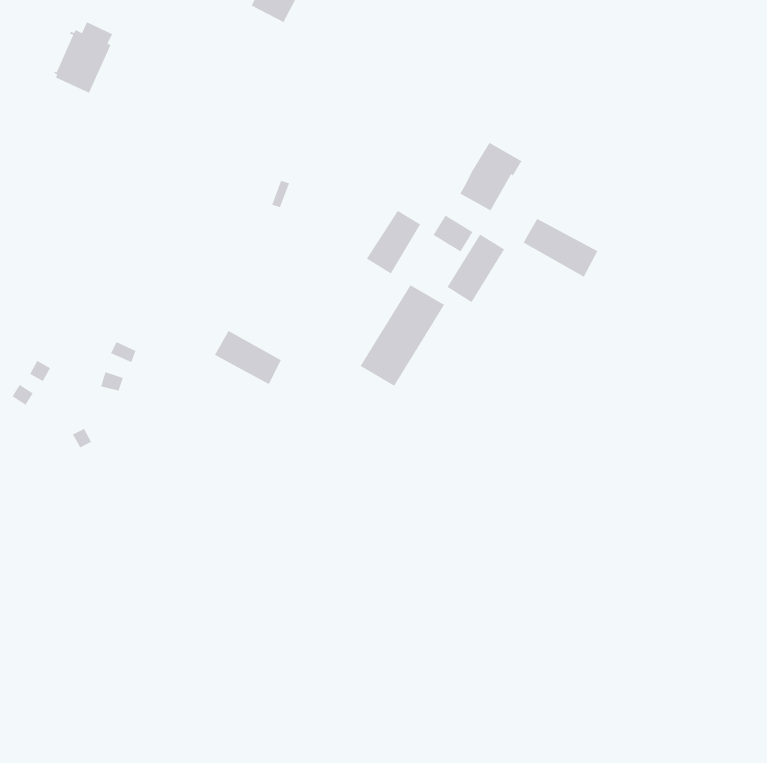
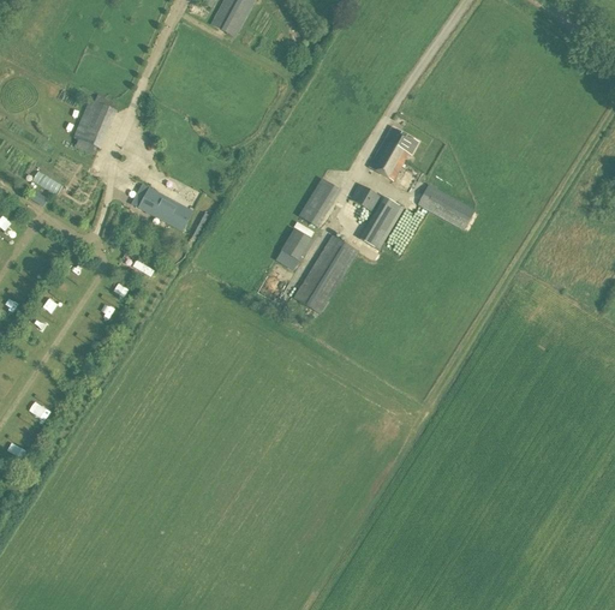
building: [53,21,113,94] -> [72,94,118,149]
building: none -> [280,228,312,262]
building: [214,330,282,385] -> [139,189,191,231]

